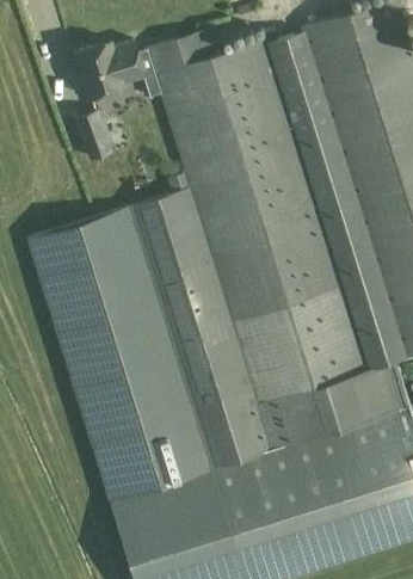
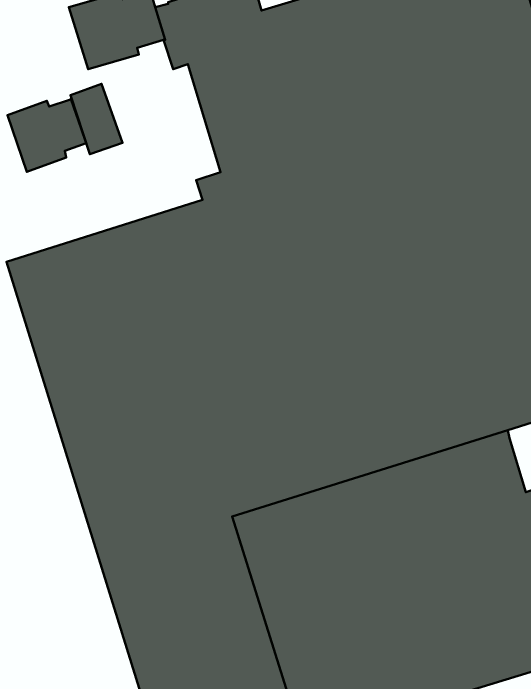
building: none -> [8,99,86,172]

